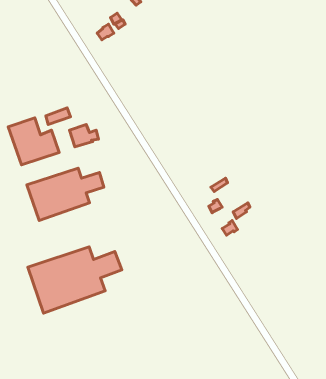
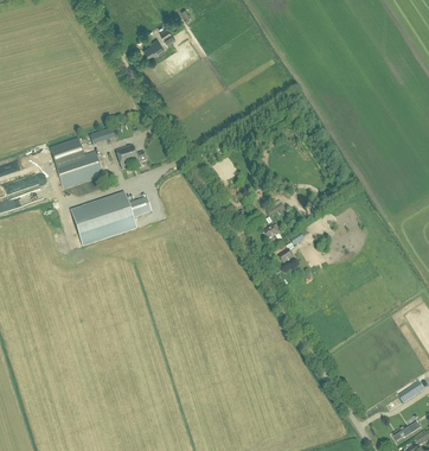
building: [28,247,122,313] -> none

